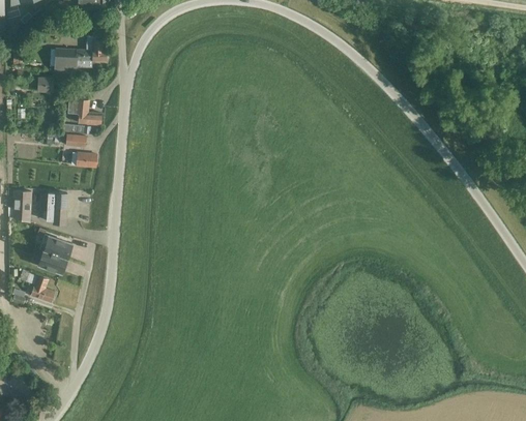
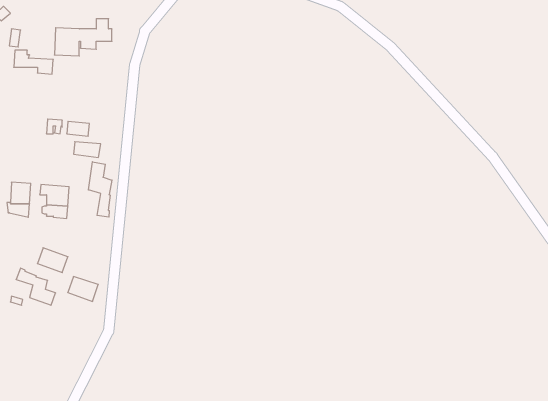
building: [65,96,101,124] -> none
building: none -> [88,162,112,217]
building: [43,235,71,258] -> [68,277,98,301]

